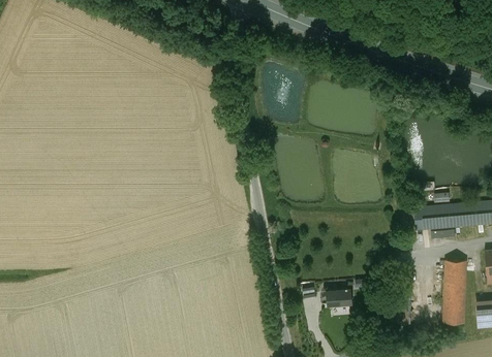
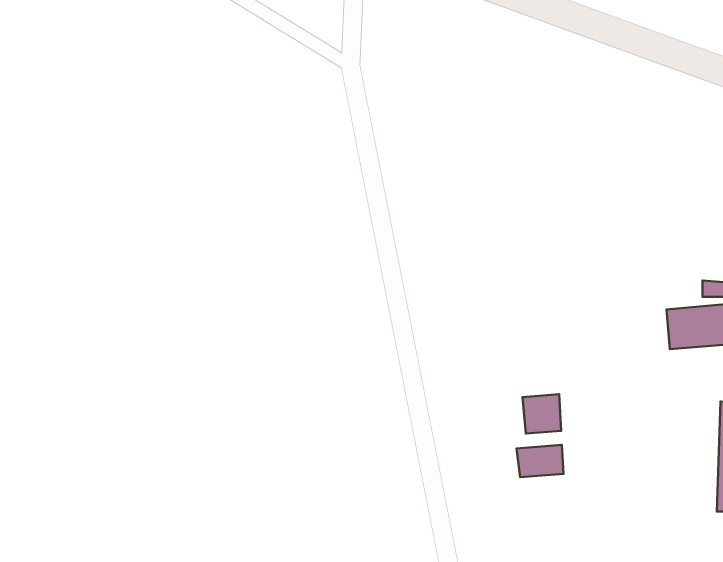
building: none -> [523,394,561,434]

